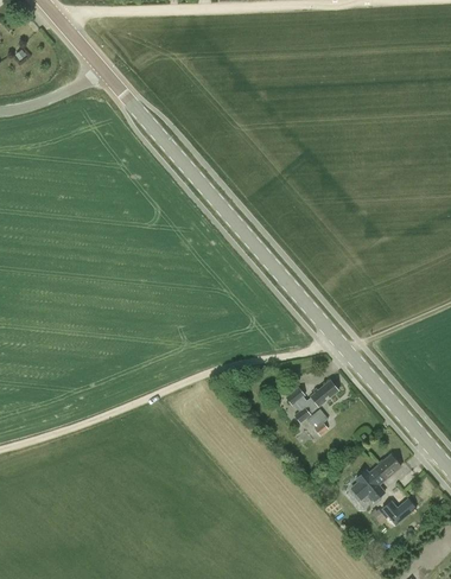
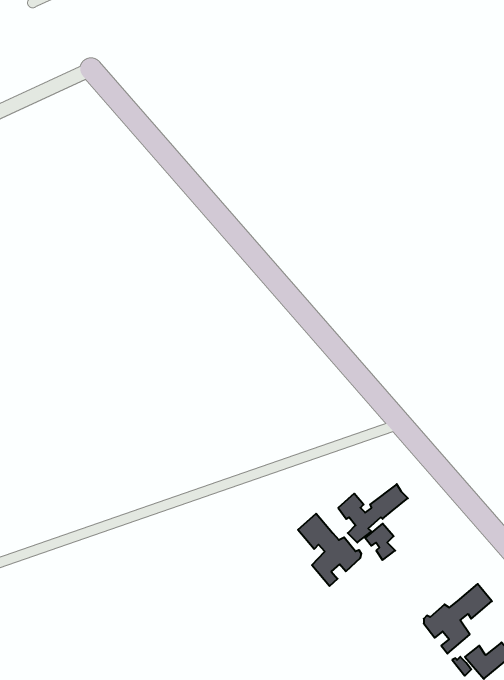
building: none -> [298,514,361,586]

